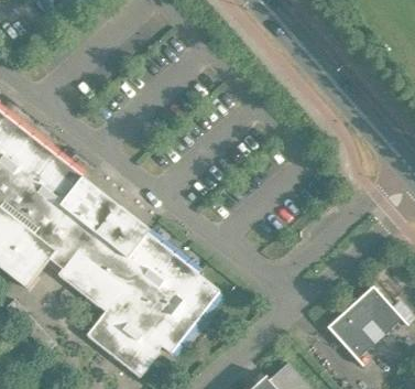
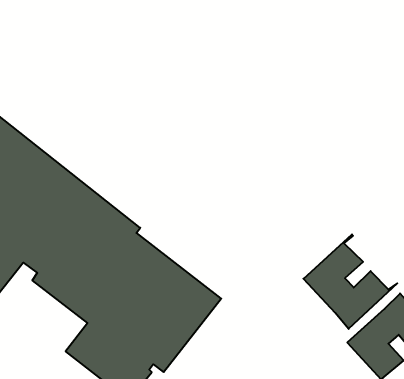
building: none -> [303,234,397,329]

